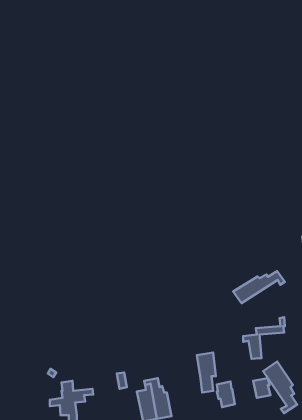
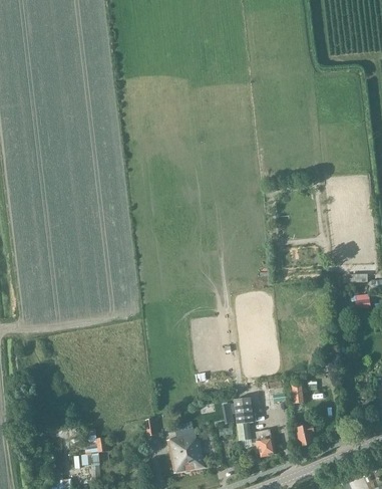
building: [233,271,285,303] -> none
building: [263,362,297,413] -> none

